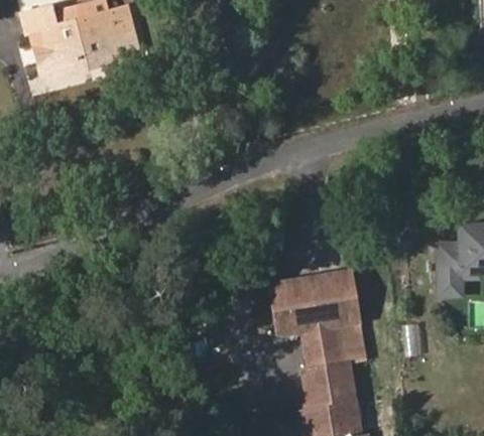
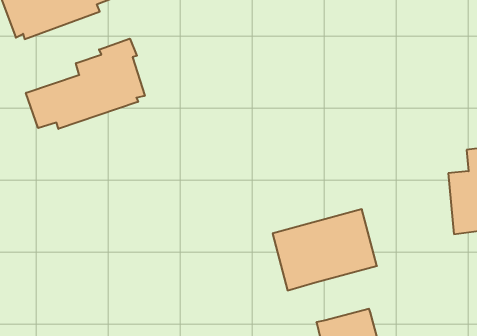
building: none -> [26,39,145,129]
building: [301,322,368,369] -> none

